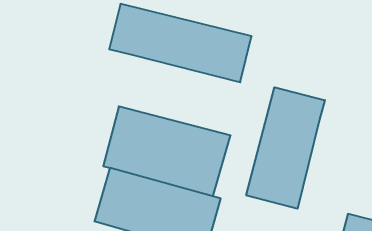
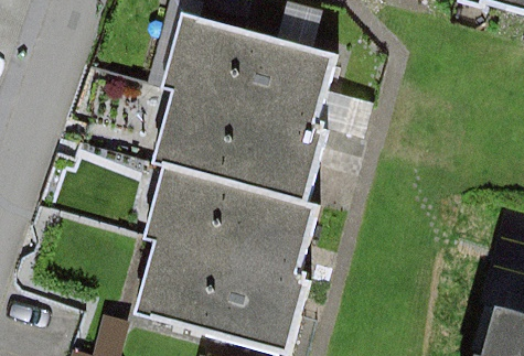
building: none -> [173,89,349,201]
building: [246,87,325,209] -> none

